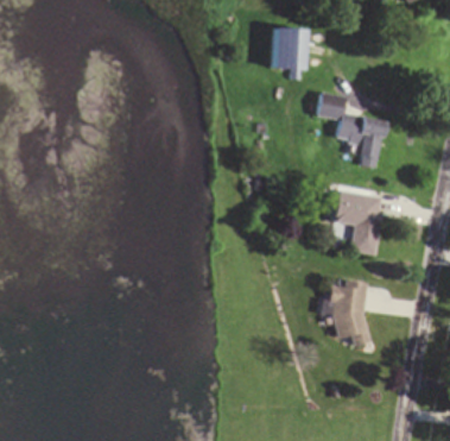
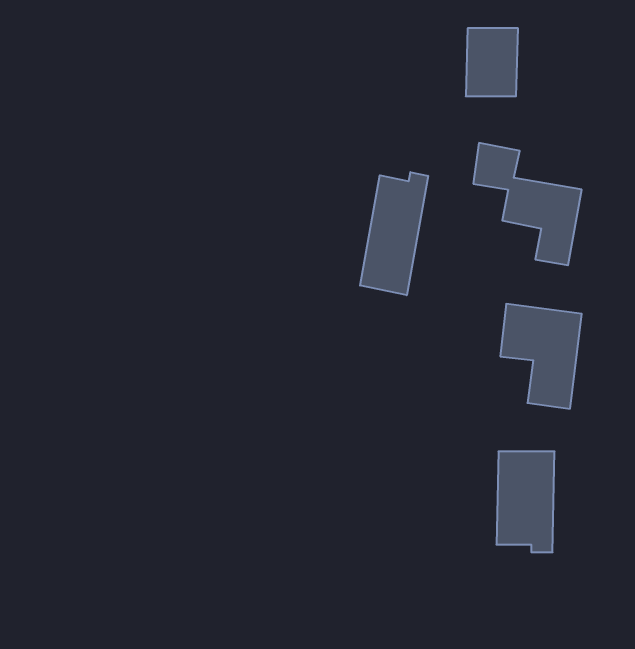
building: [274,30,306,71] -> [466,28,518,96]
building: none -> [360,172,428,295]

